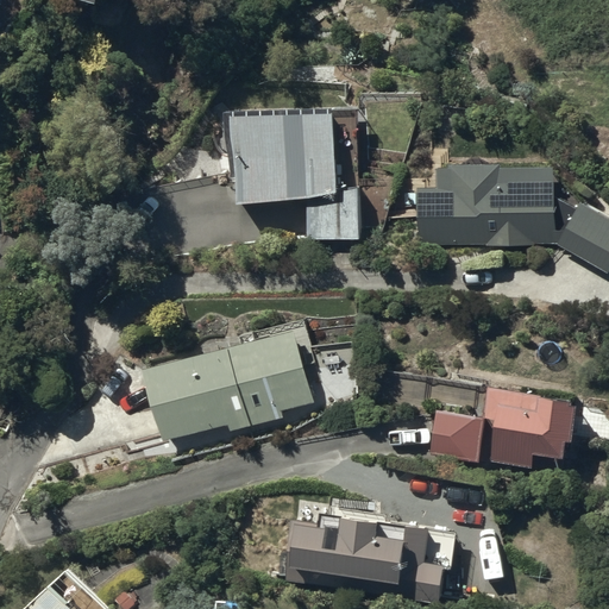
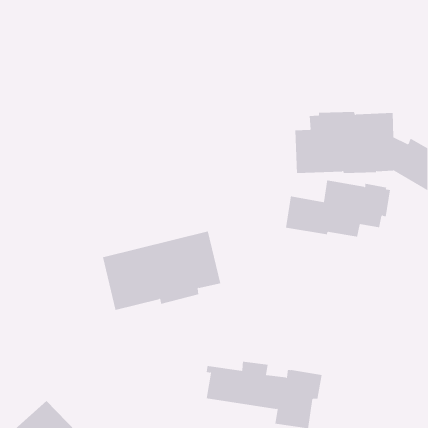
building: [233,105,357,240] -> none
building: [427,389,576,470] -> [285,180,391,237]

